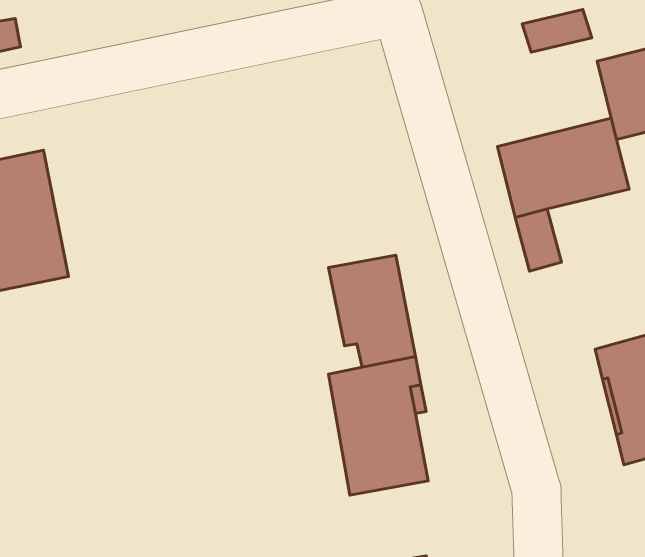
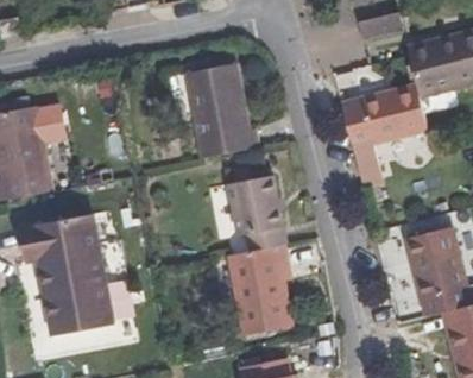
building: none -> [185,62,258,157]
building: none -> [19,213,114,335]

